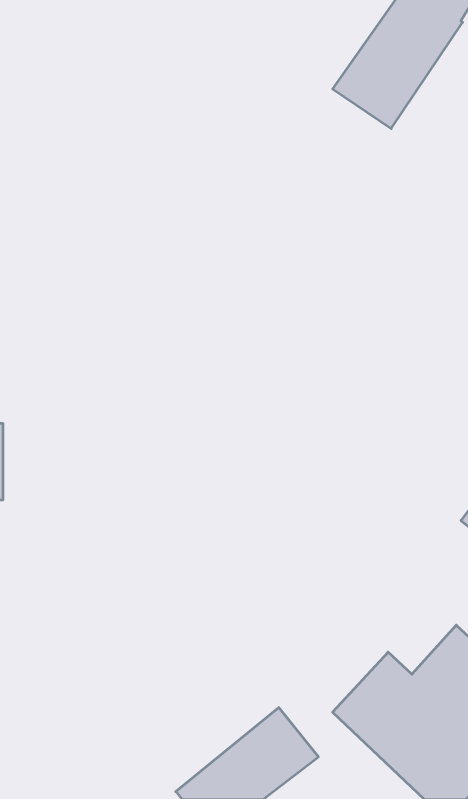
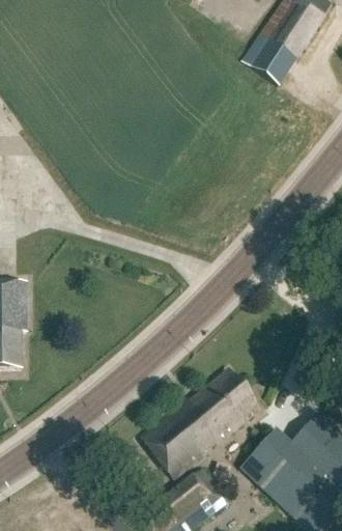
building: none -> [139,369,258,477]

